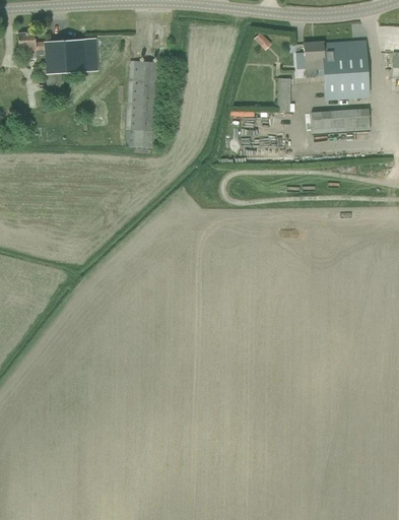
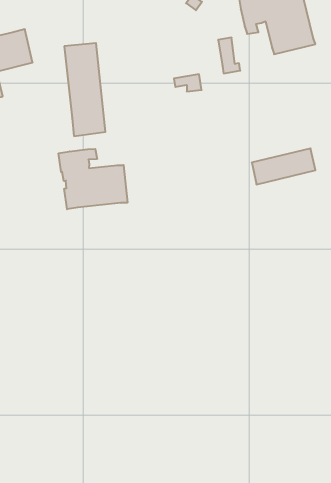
building: [311,107,370,132] -> [252,148,315,184]
building: none -> [59,149,127,209]

